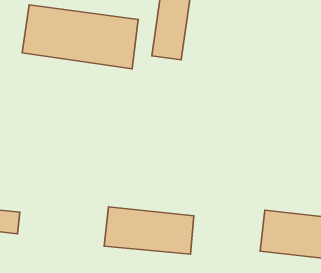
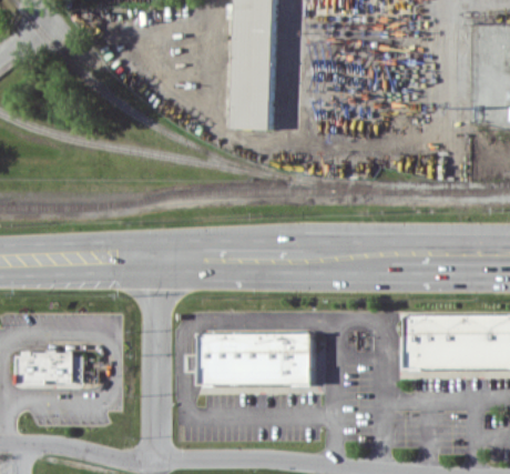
building: [22,5,138,69] -> none

